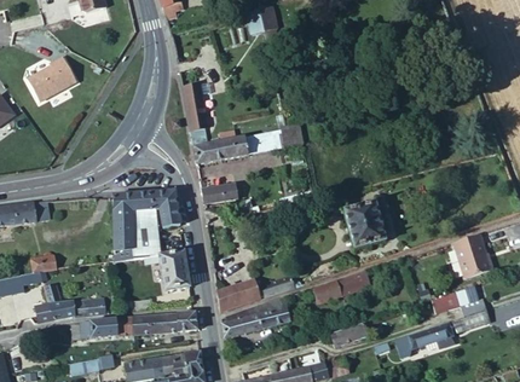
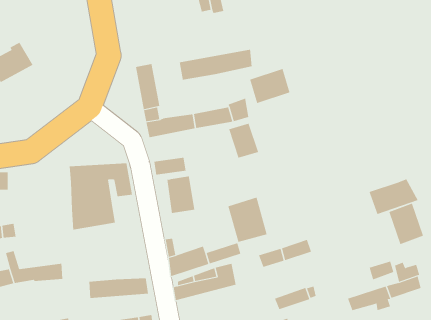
building: none -> [179,49,252,81]
building: none -> [250,68,290,104]
building: none -> [228,123,259,159]
building: [343,201,386,249] -> [228,197,267,243]
building: none -> [369,179,418,215]
building: [160,251,190,291] -> [167,176,195,213]
building: [81,317,134,338] -> none

